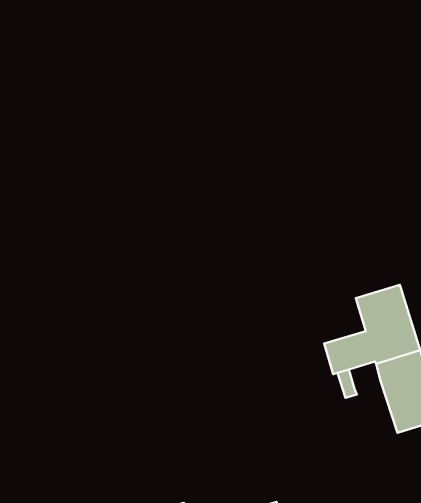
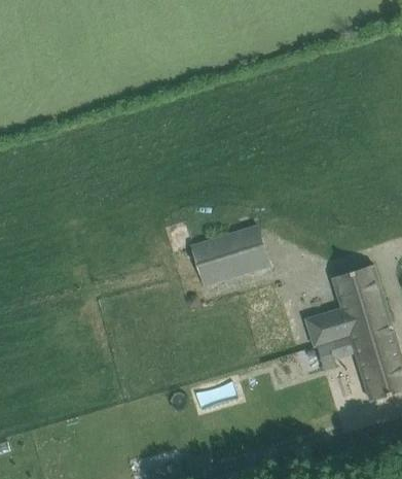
building: none -> [191,226,271,288]

